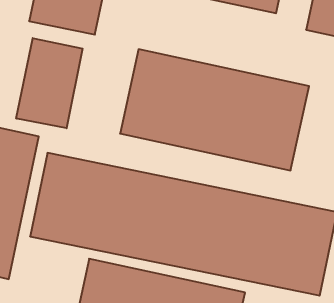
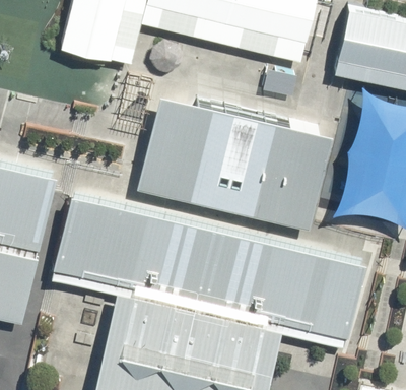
building: [16,38,83,128] -> none

